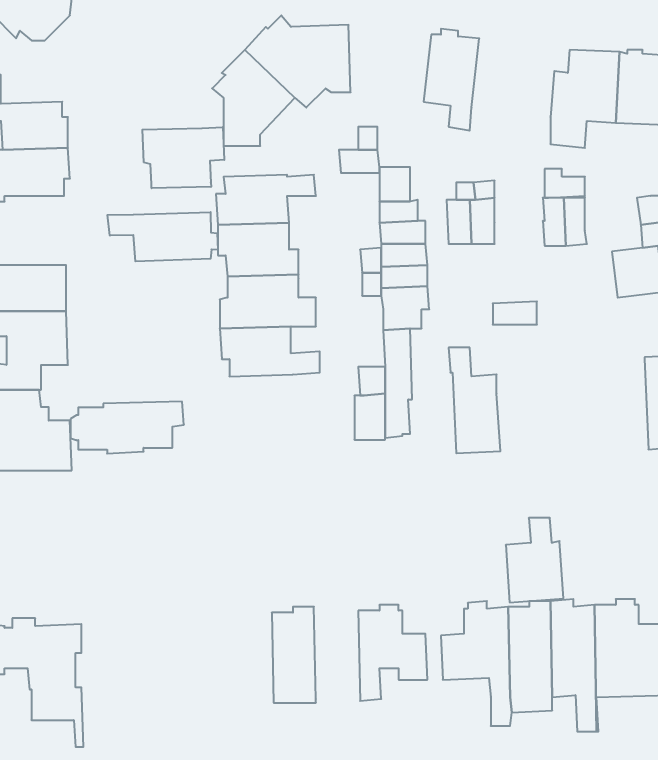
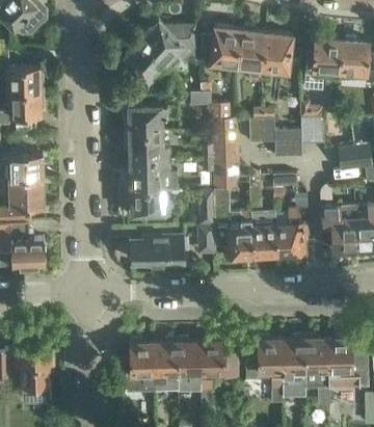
building: none -> [201,27,240,66]
building: none -> [262,32,293,73]
building: [142,127,224,188] -> none
building: [107,212,218,261] -> none
building: none -> [274,131,301,158]
building: none -> [321,206,357,256]
building: none -> [224,213,253,259]
building: [71,402,184,454] -> [128,237,189,265]
building: [506,518,563,602] -> [275,210,306,256]
building: none -> [177,339,202,391]
building: none -> [121,340,155,393]

